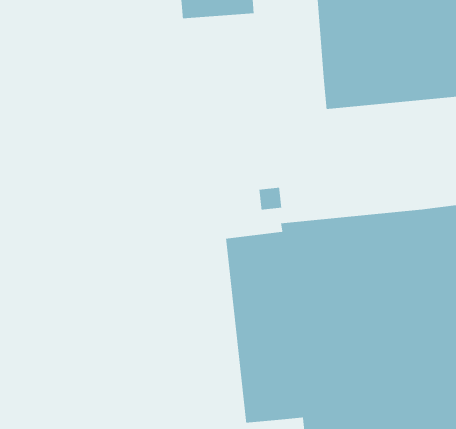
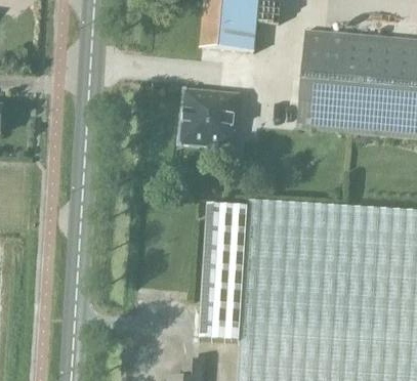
building: none -> [178,86,239,145]

